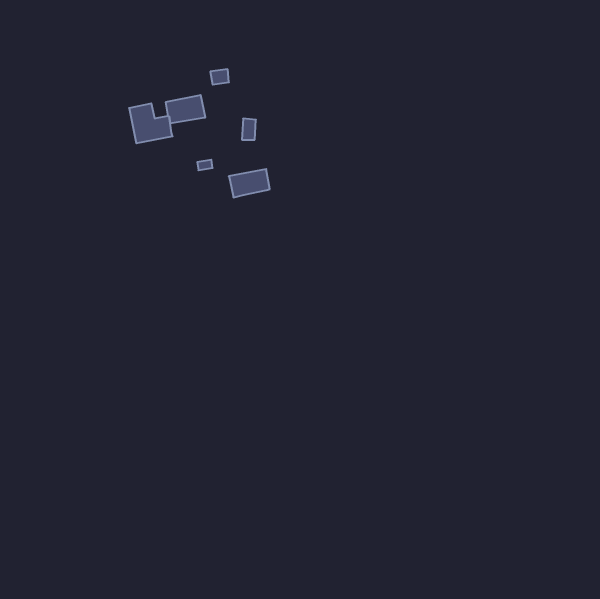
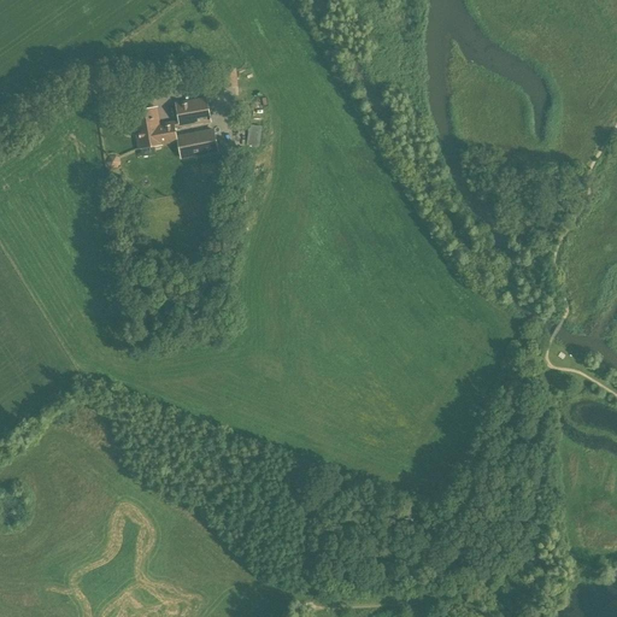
building: [229,169,270,197] -> [176,129,218,158]

